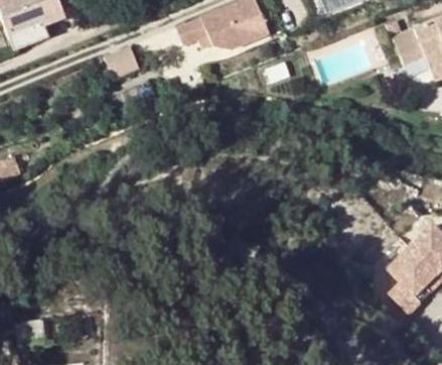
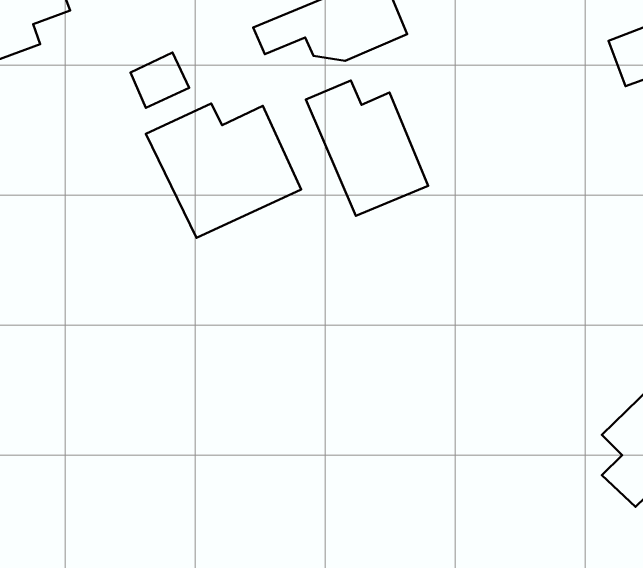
building: none -> [306,81,428,216]
building: none -> [146,104,301,238]

